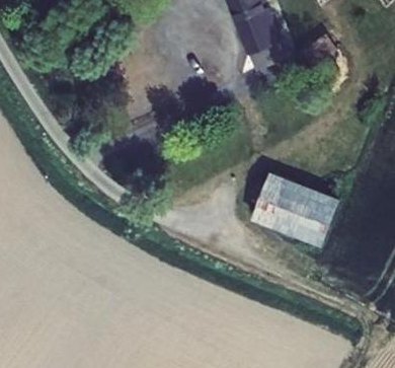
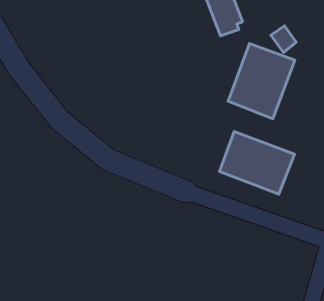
building: none -> [228,43,295,119]

